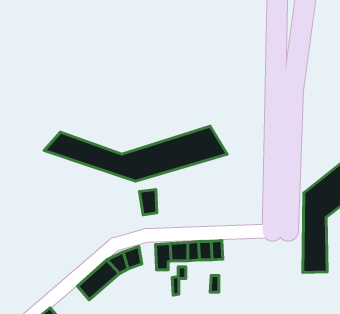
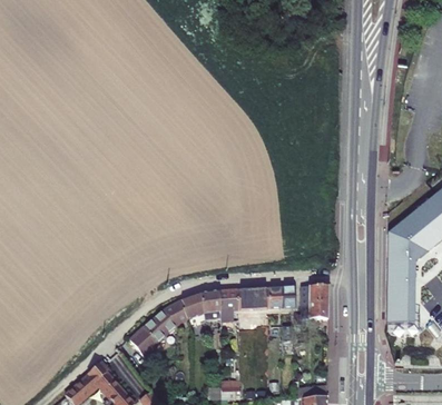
building: [44,126,227,181] -> none
building: [139,190,157,215] -> [202,289,222,318]
building: none -> [310,283,330,317]

